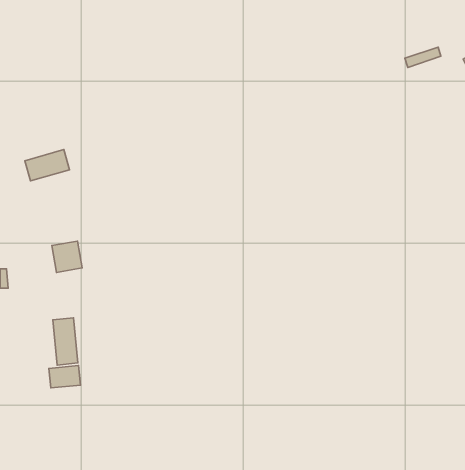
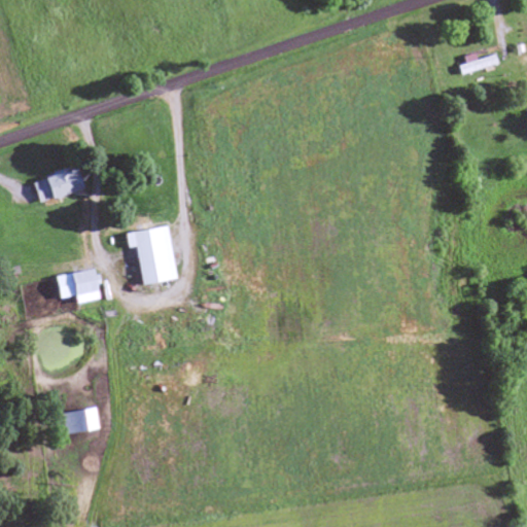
building: none -> [127,225,177,284]
building: [53,318,78,365] -> none

